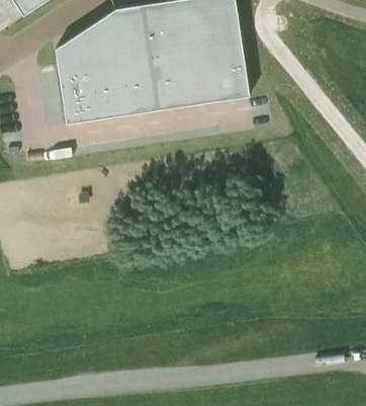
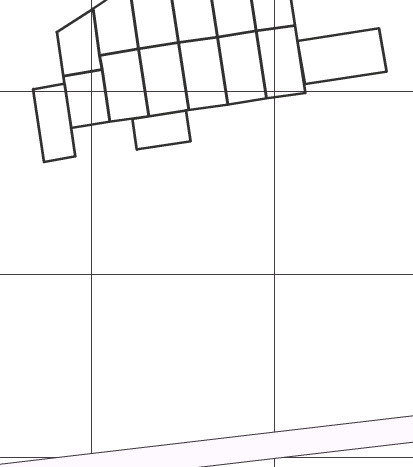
building: none -> [297,28,386,84]
building: none -> [33,84,75,162]
building: none -> [133,110,190,150]

